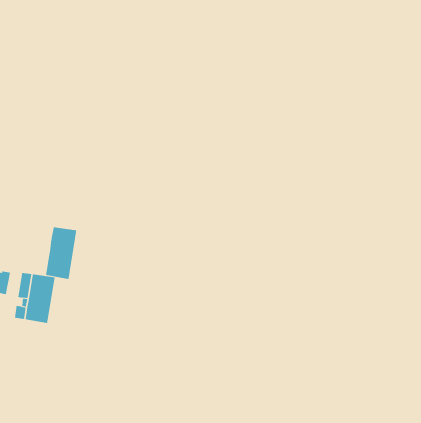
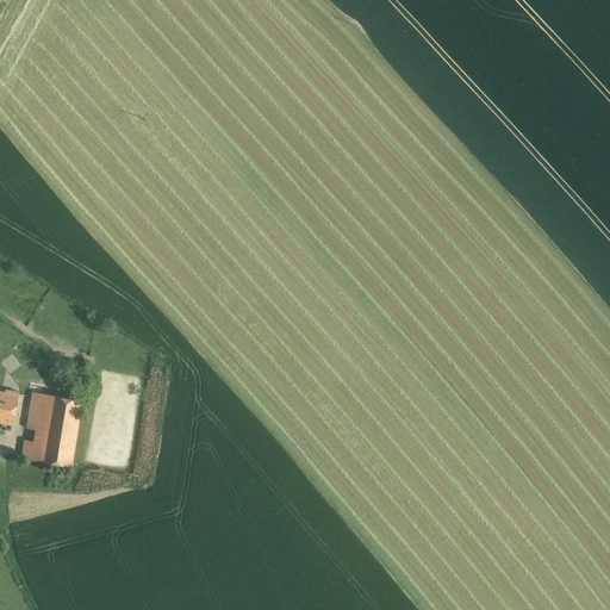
building: [46,227,77,280] -> none

